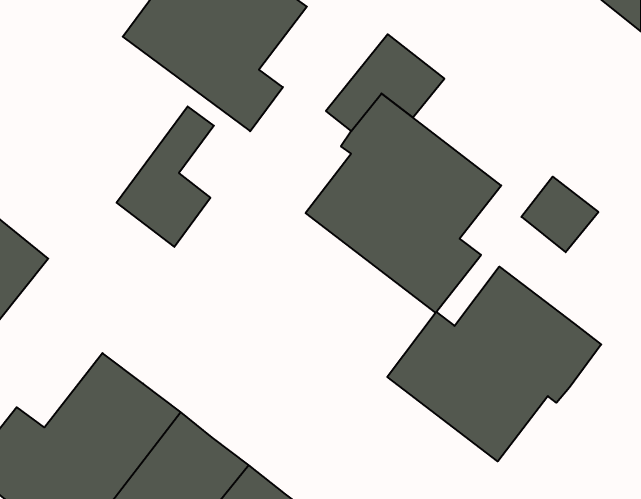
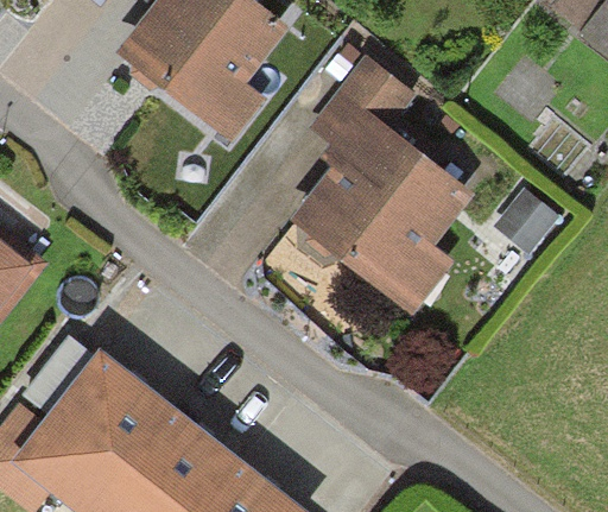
building: [117,106,214,247] -> none
building: [387,267,601,461] -> none

